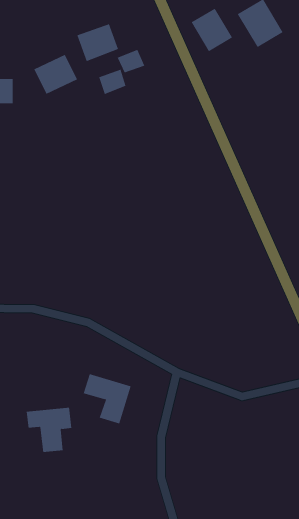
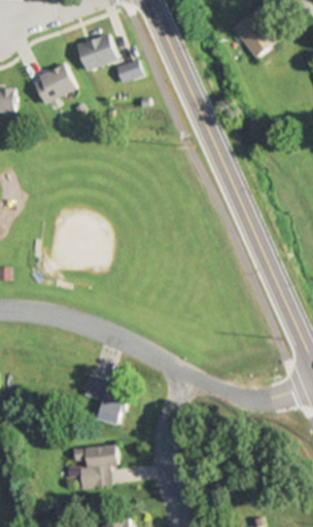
building: [191,8,233,52] -> none
building: [99,69,126,95] -> none
building: [26,407,72,453] -> [71,444,116,488]

